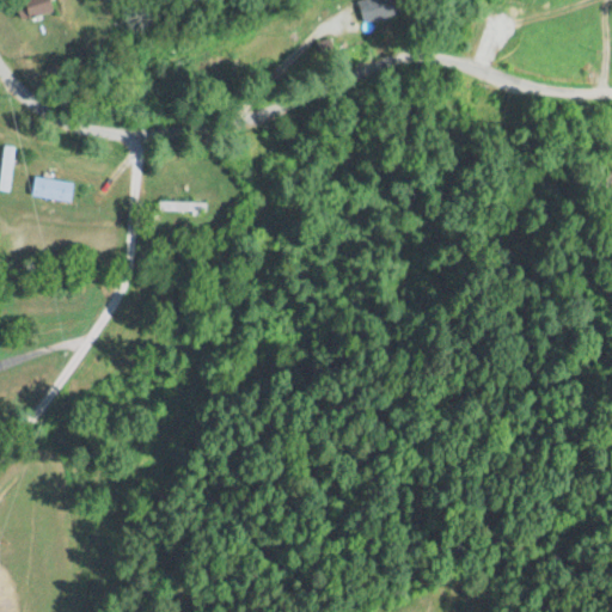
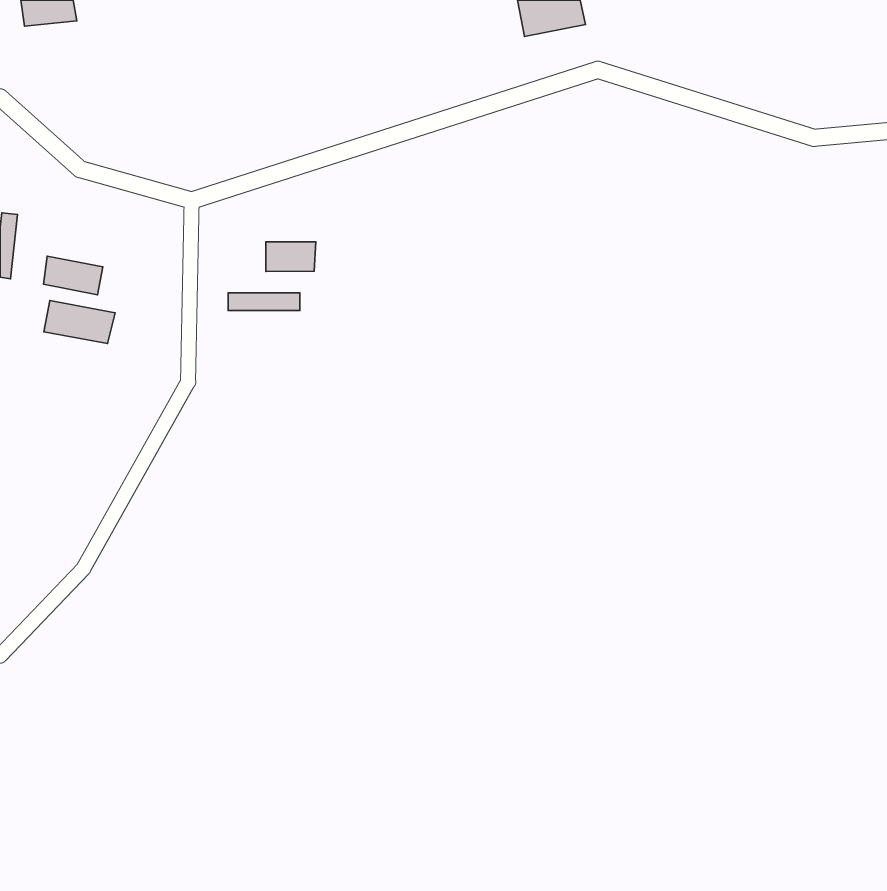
building: none -> [266,242,316,271]
building: none -> [44,301,115,343]

